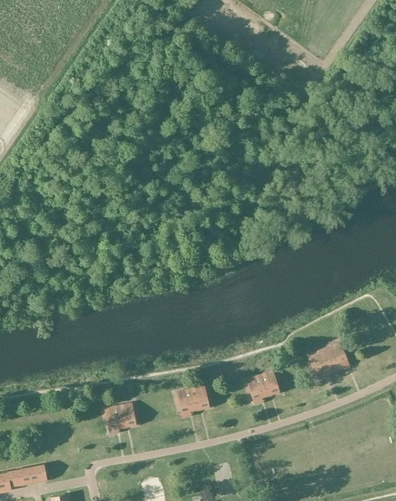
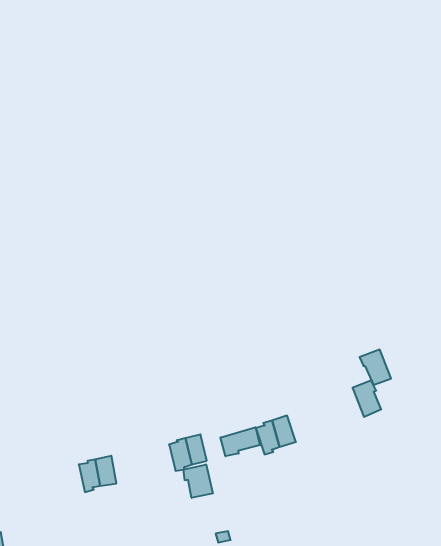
building: [308,349,333,377] -> [360,350,391,385]
building: none -> [220,427,260,456]
building: none -> [184,464,213,498]

